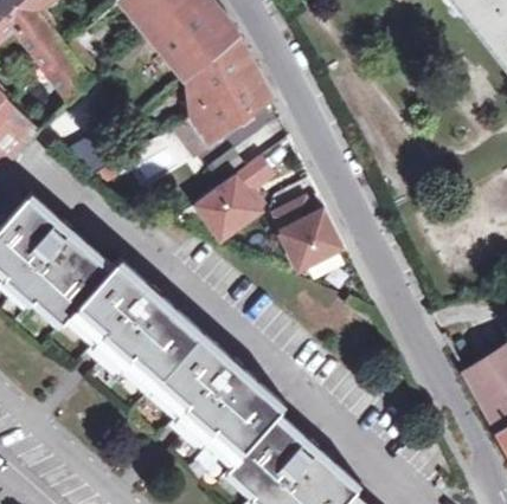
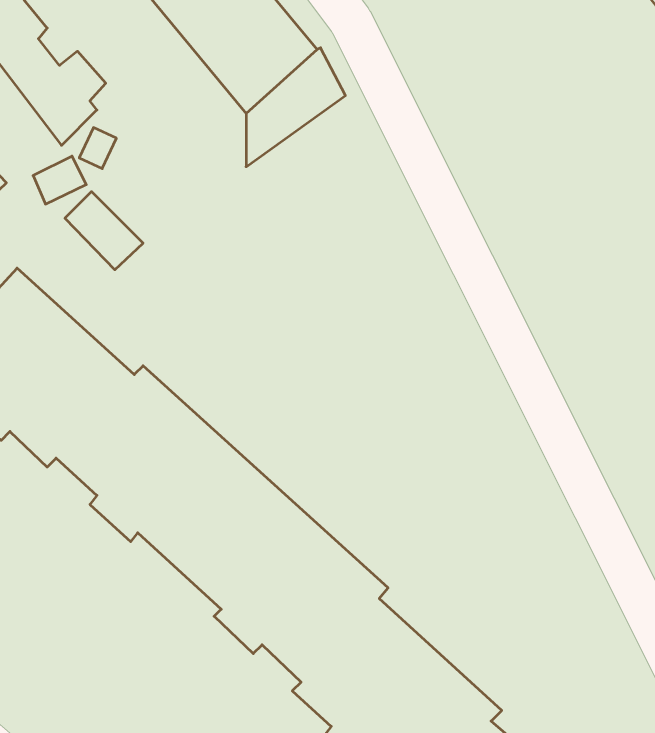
building: [172,71,268,155] -> none
building: [195,157,271,240] -> none
building: [270,201,342,271] -> none

